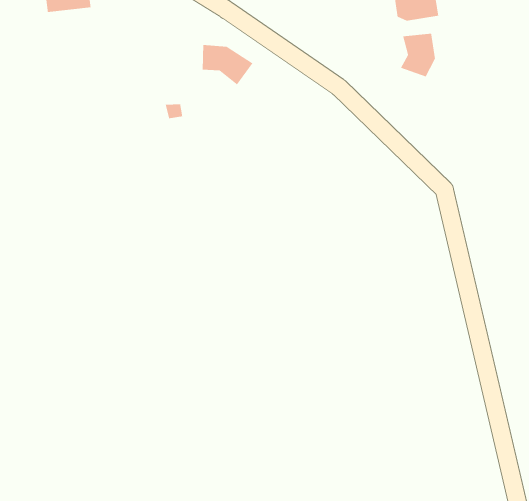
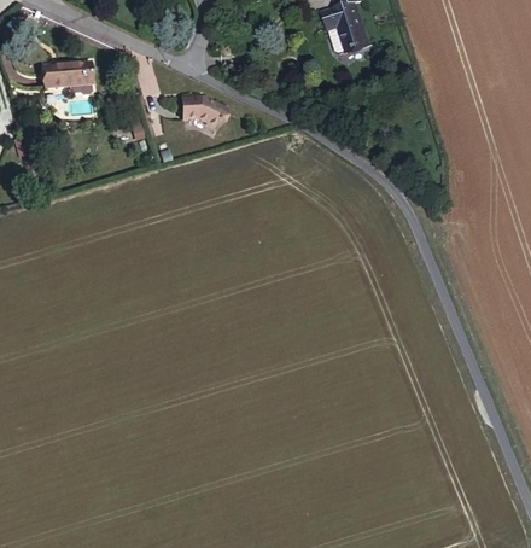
building: [400,33,436,78] -> none

